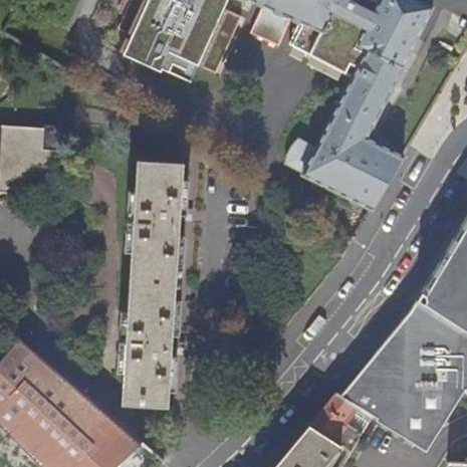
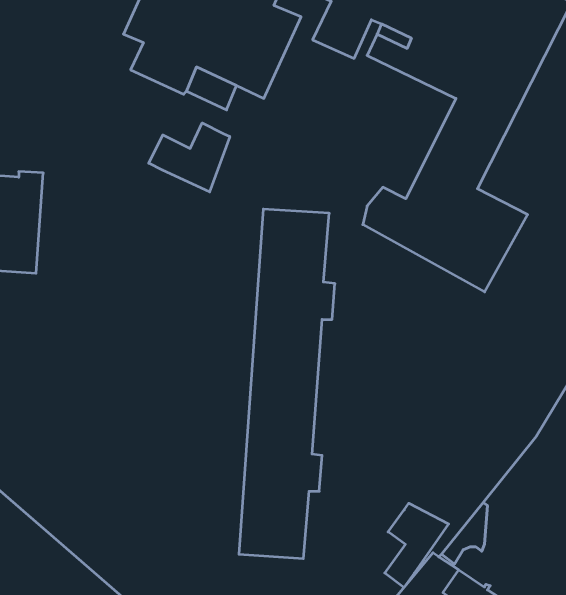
building: none -> [149,123,230,192]
building: [122,161,189,406] -> [239,209,335,559]
building: none -> [385,503,449,587]

